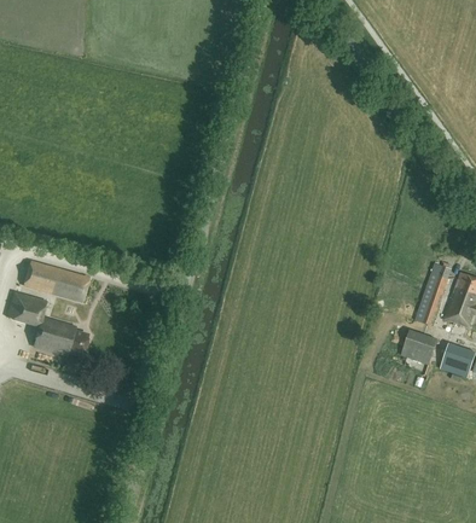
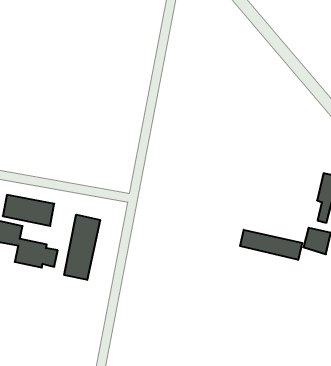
building: none -> [64,215,100,280]
building: none -> [240,230,302,260]

